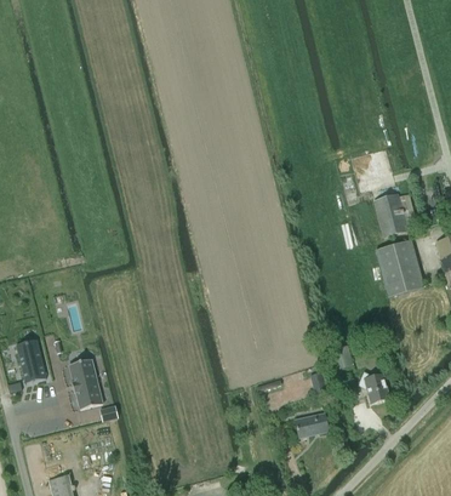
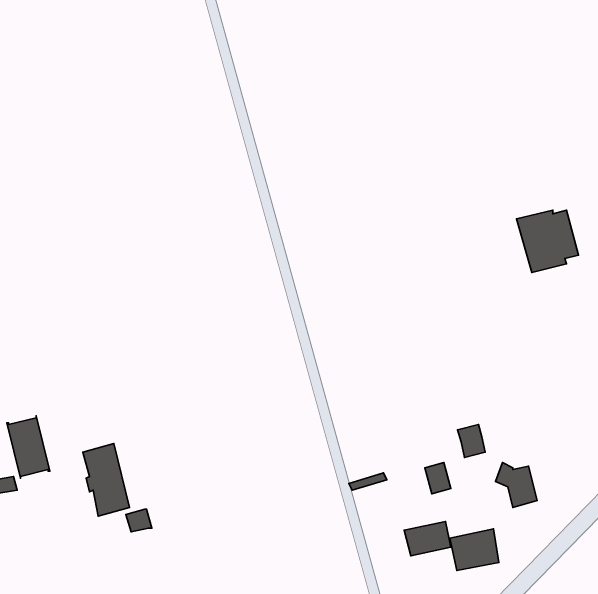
building: [376,239,424,296] -> none
building: none -> [450,529,499,571]

